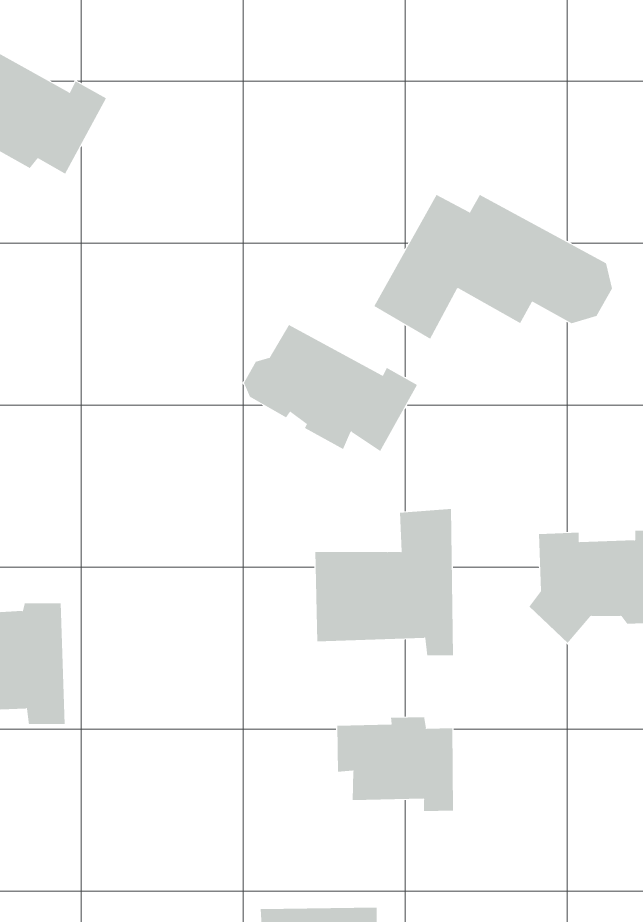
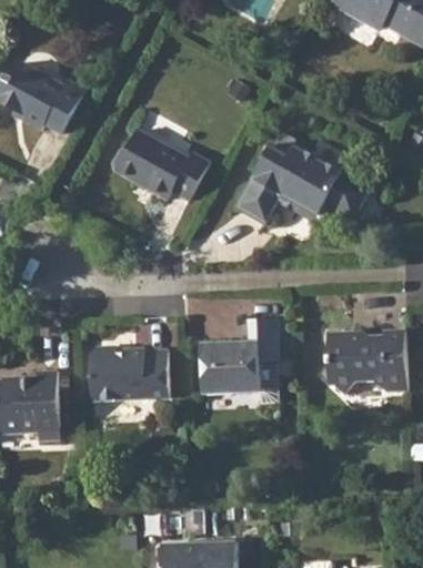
building: [243,324,418,452] -> [111,128,210,200]
building: none -> [92,346,169,400]
building: [337,716,454,812] -> none

